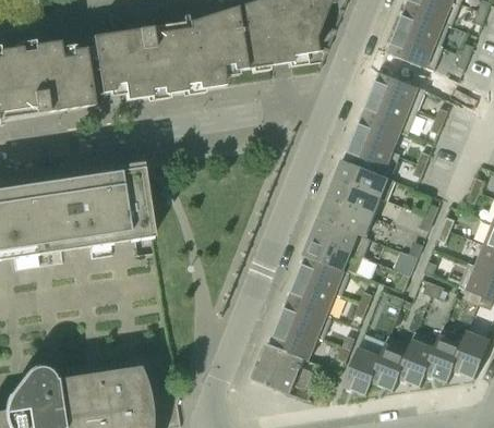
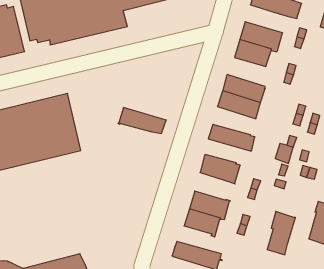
building: [371,73,424,112] -> none
building: [345,137,399,179] -> none
building: [318,197,373,236] -> none
building: [302,236,363,273] -> [118,108,166,133]
building: [288,278,335,316] -> none
building: [398,332,438,387] -> none
building: [260,342,323,382] -> none
building: [342,347,382,395] -> none

